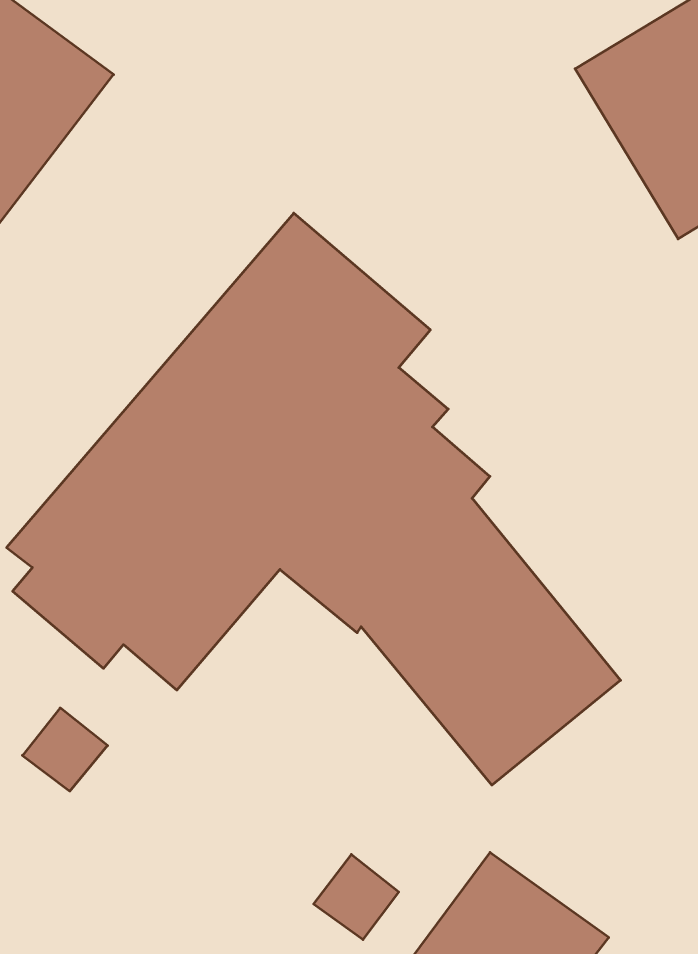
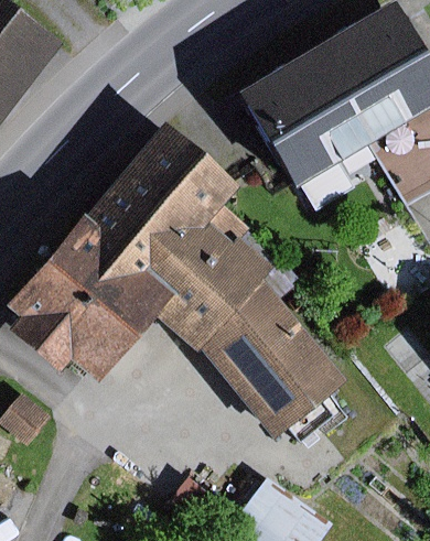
building: none -> [237,41,379,187]

